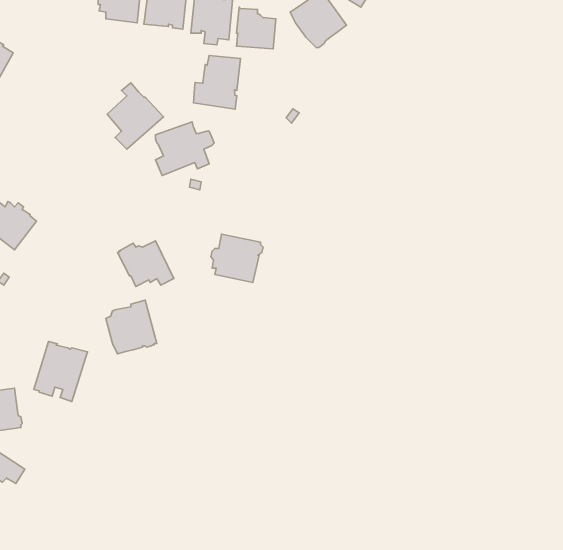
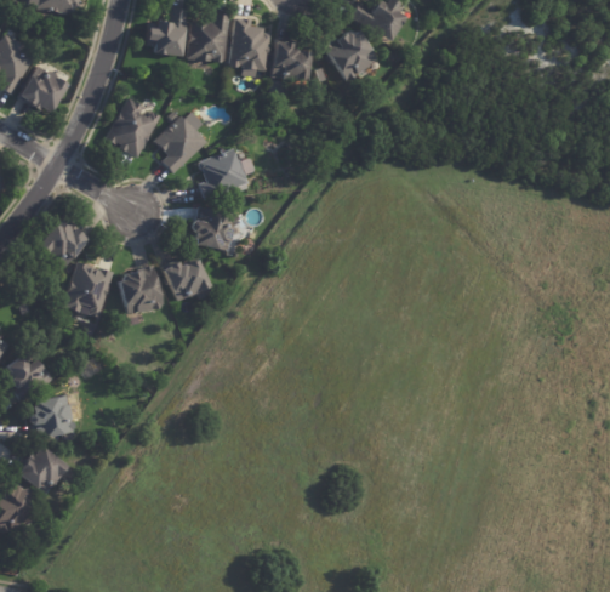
building: [194,55,241,109] -> none
building: none -> [104,97,159,158]
building: [211,234,263,282] -> [189,206,238,251]
building: [106,300,157,354] -> [118,264,165,314]
building: [34,341,88,401] -> [64,262,114,318]

